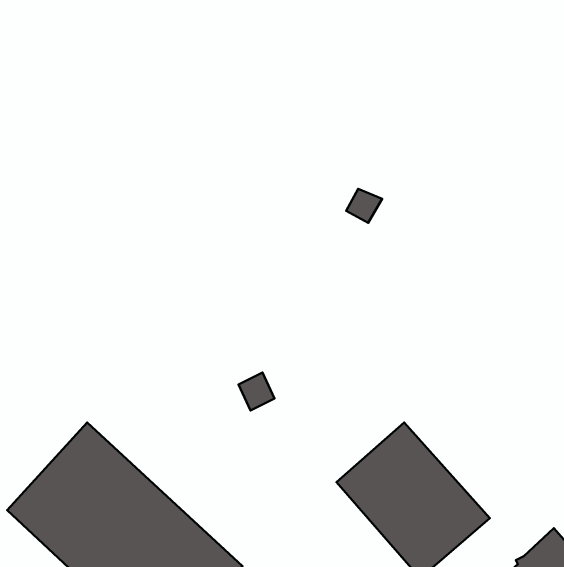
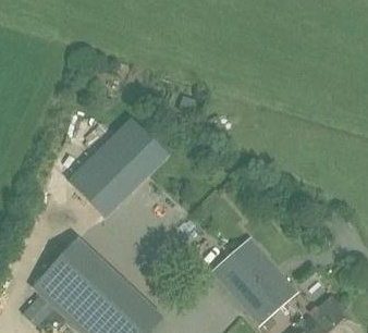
building: none -> [69,118,168,217]

